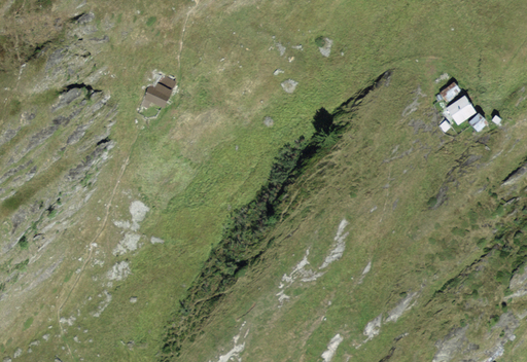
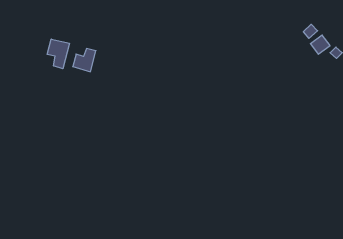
building: none -> [47,39,69,69]

